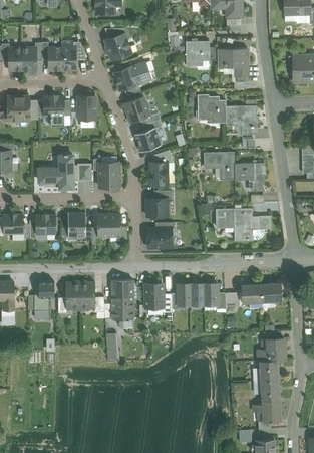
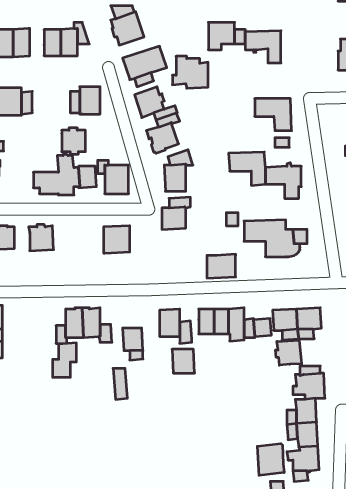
building: [44,94,64,117] -> [62,128,85,154]
building: [196,94,226,122] -> [172,56,208,88]
building: [68,211,86,240] -> none
building: [147,227,172,247] -> [207,254,236,278]
building: [112,279,131,299] -> [172,349,195,373]
building: [34,280,54,309] -> [53,343,76,377]
building: none -> [276,340,302,365]
building: none -> [257,444,284,475]

